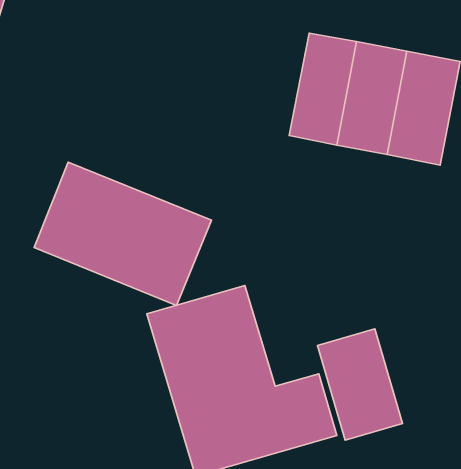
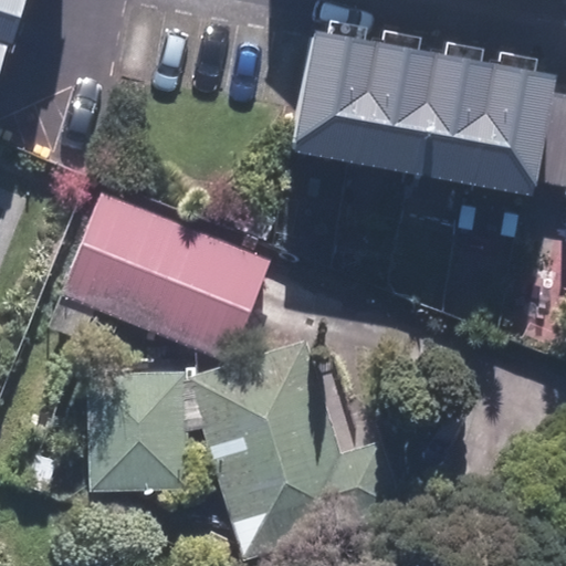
building: none -> [291,31,380,163]
building: none -> [87,369,182,490]
building: [317,329,402,440] -> none

